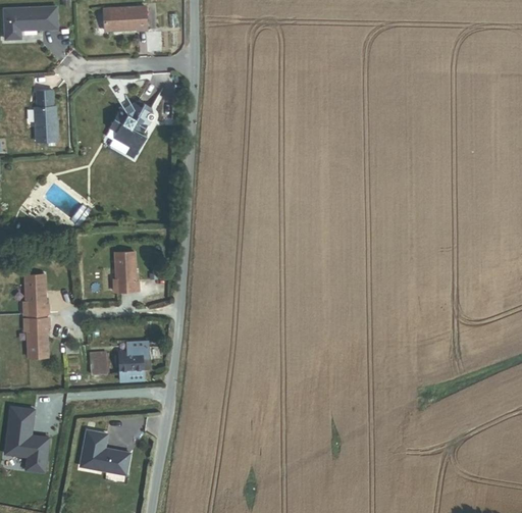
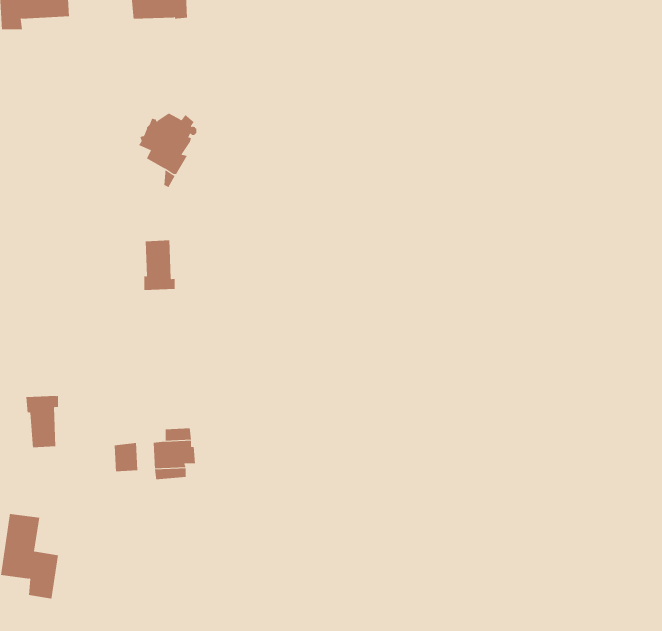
building: [35,90,57,141] -> none
building: [114,252,139,291] -> [143,240,176,291]
building: [23,275,49,315] -> none
building: [80,430,129,474] -> none

